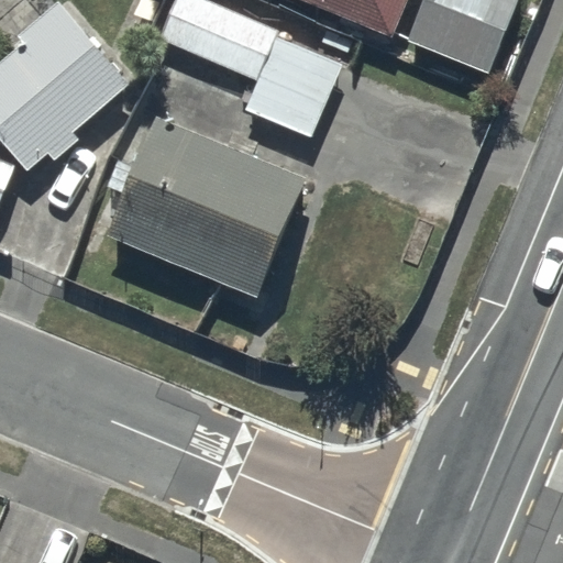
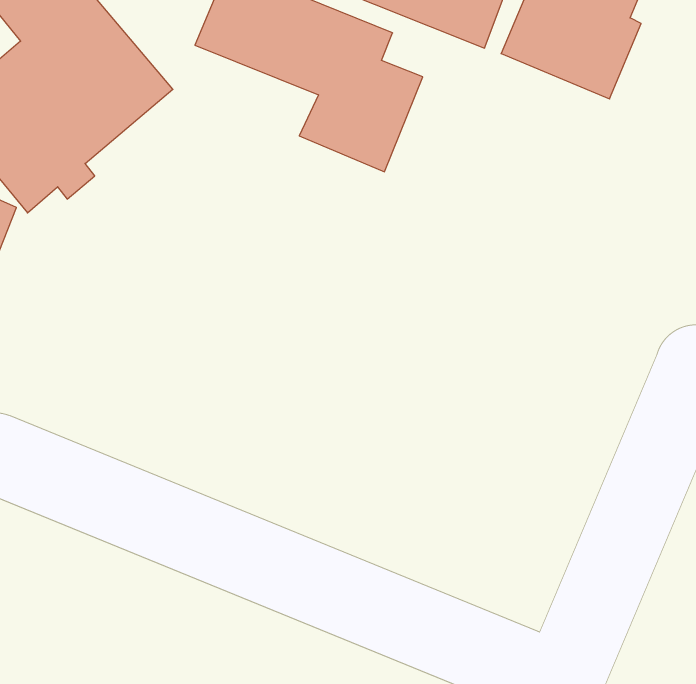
building: [106,114,306,301] -> none

